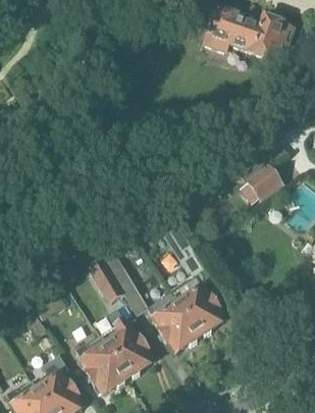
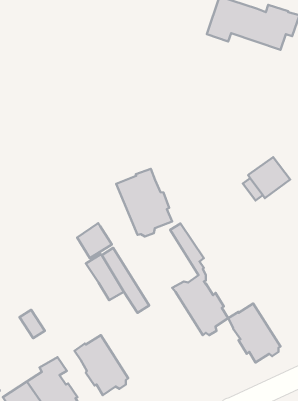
building: none -> [116,169,172,237]
building: none -> [77,223,112,258]
building: [149,294,200,351] -> [228,303,281,362]
building: [101,319,152,378] -> none

